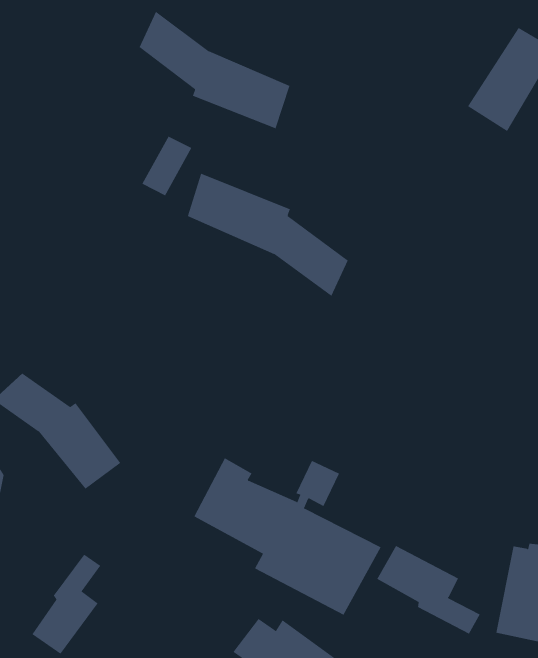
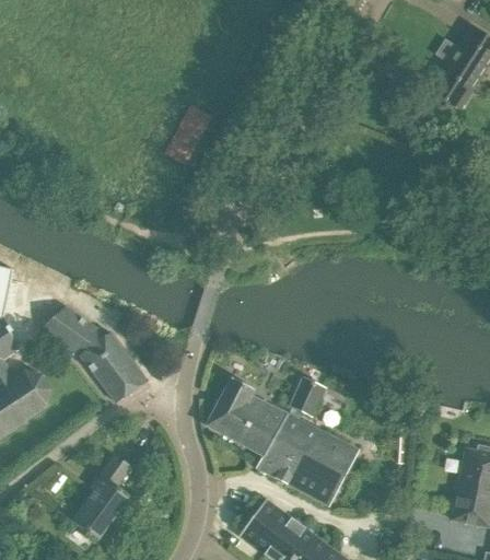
building: [139,11,290,129] -> none
building: [187,173,348,297] -> none
building: [376,545,480,634] -> none

